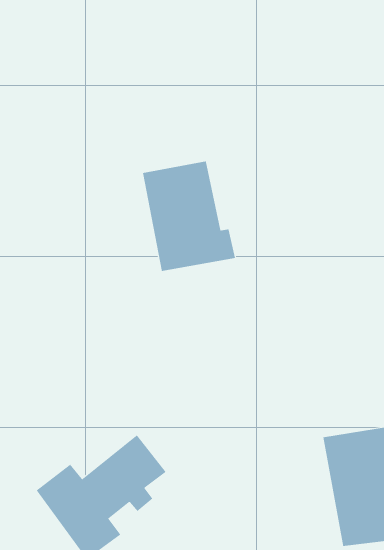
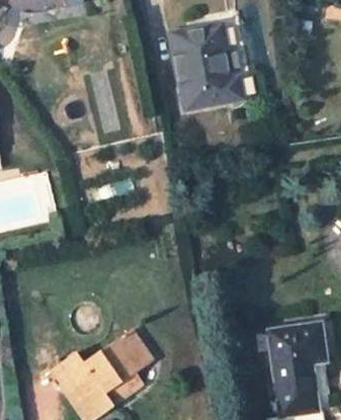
building: [142,161,236,271] -> [174,24,245,108]

